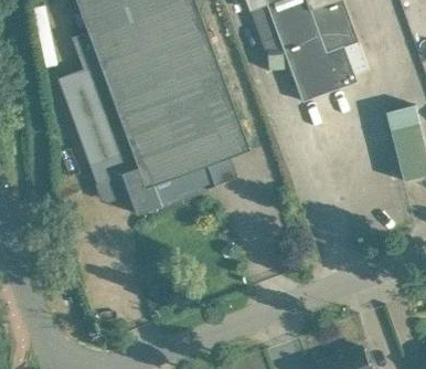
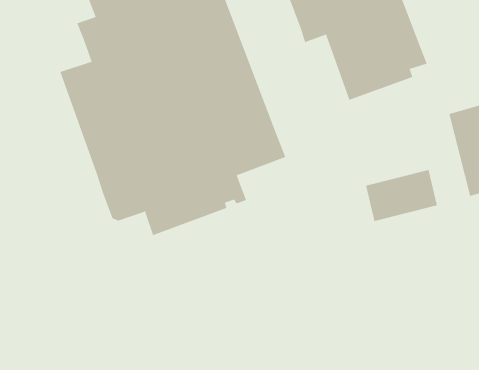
building: none -> [365,169,437,222]

